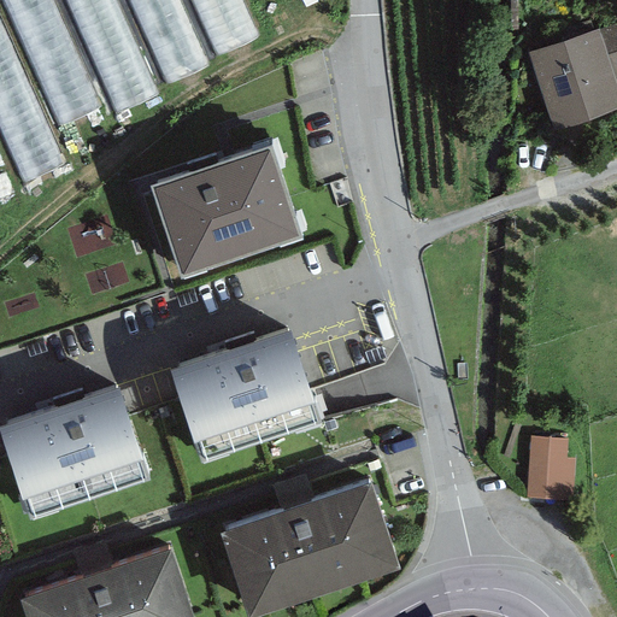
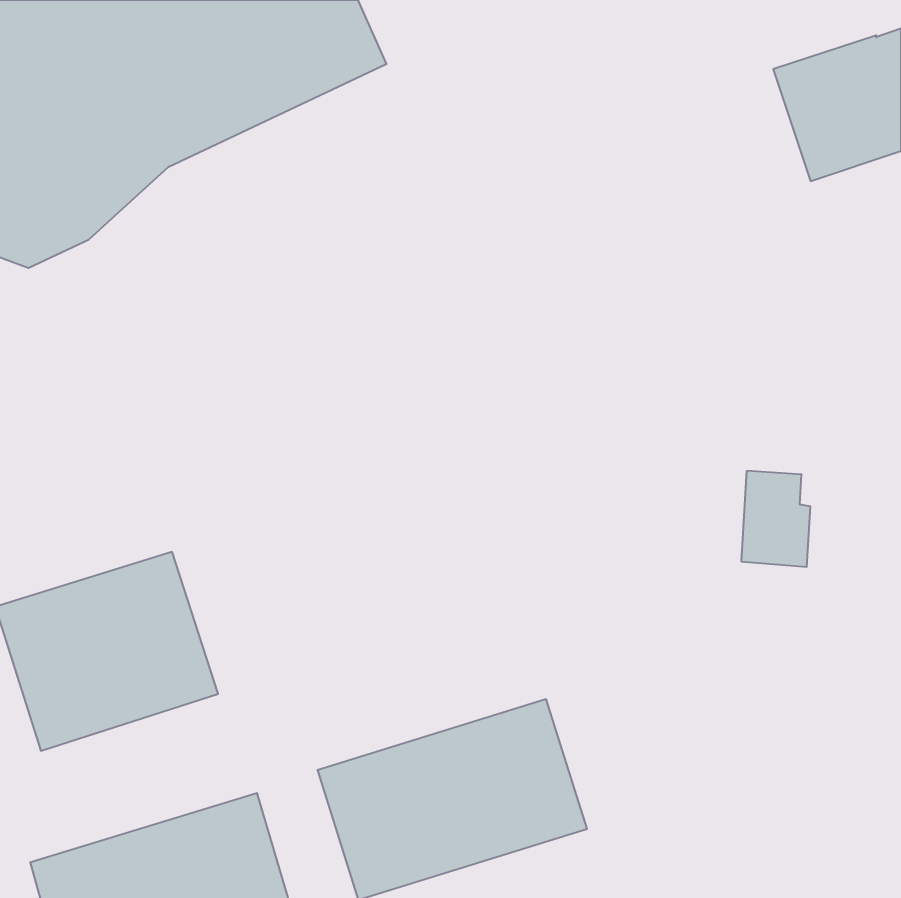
building: [151,141,300,271] -> none
building: [170,324,322,460] -> none
building: [524,437,571,503] -> [741,471,810,567]

